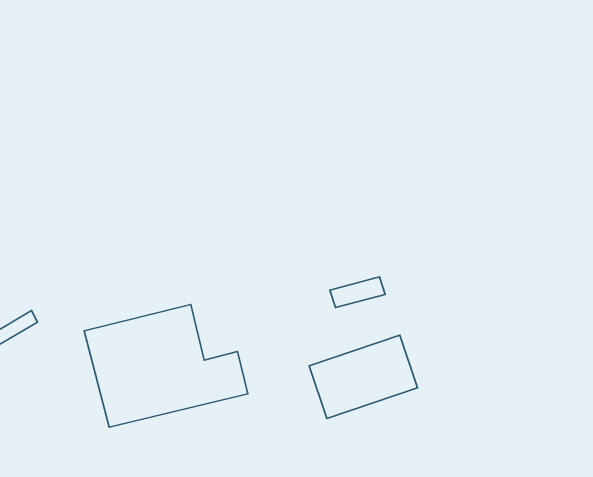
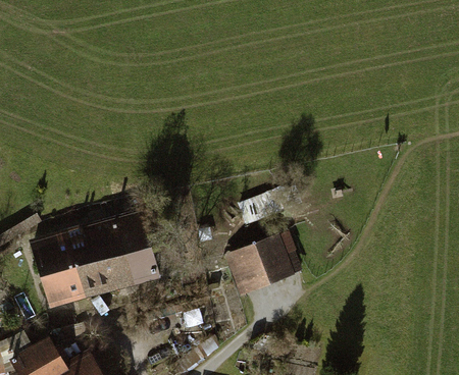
building: none -> [30,232,85,309]

